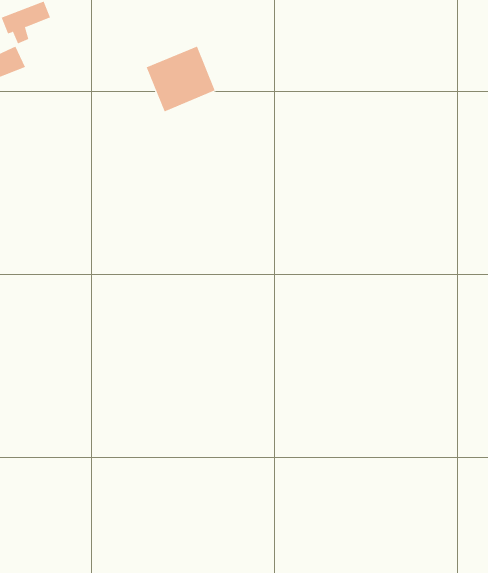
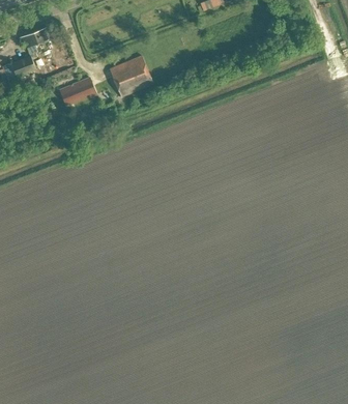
building: none -> [60,77,97,105]

